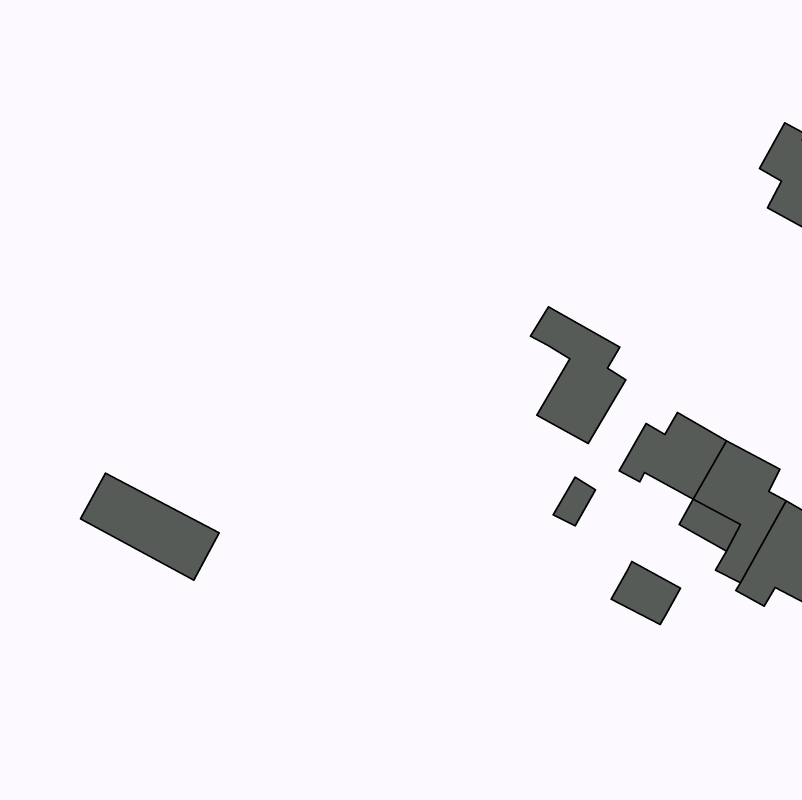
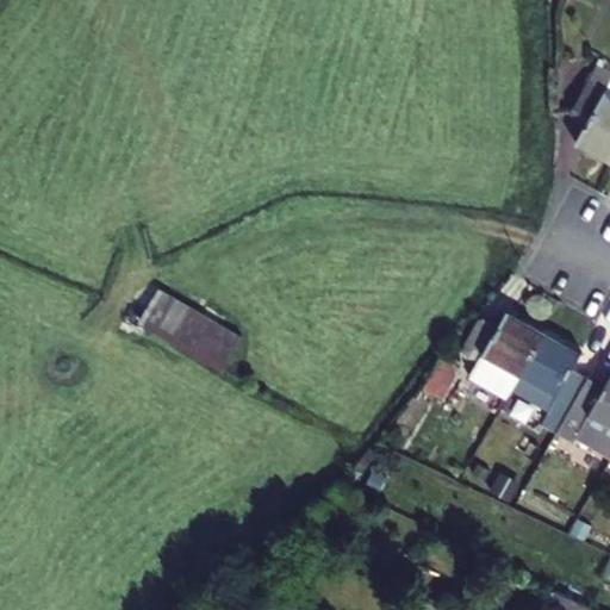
building: [530,307,626,444] -> none
building: [80,473,219,580] -> [139,290,244,371]
building: [611,561,681,624] -> [474,361,527,409]

